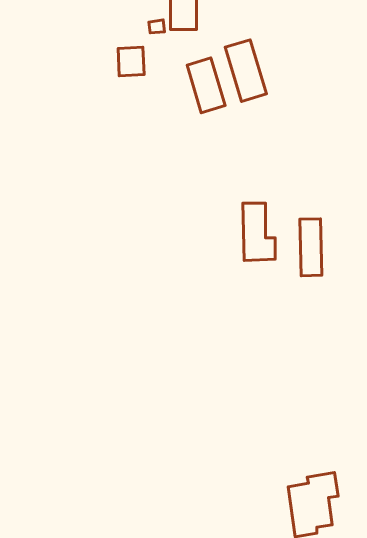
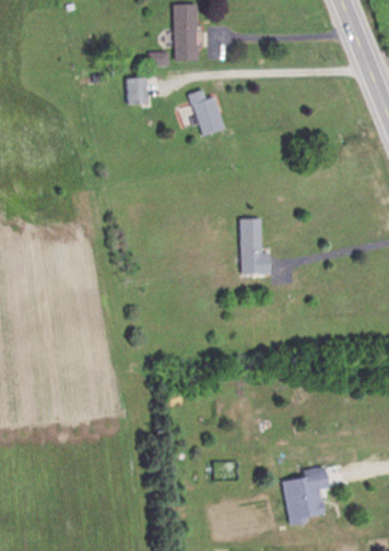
building: [225,40,267,101] -> none
building: [300,219,322,276] -> none

